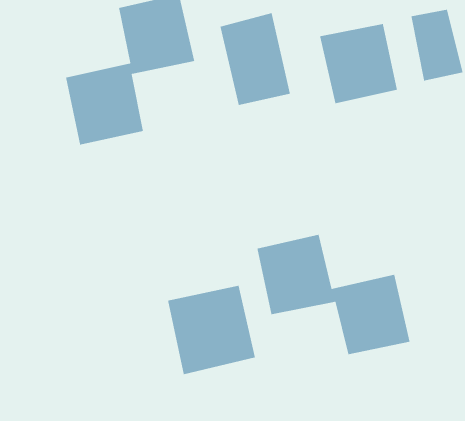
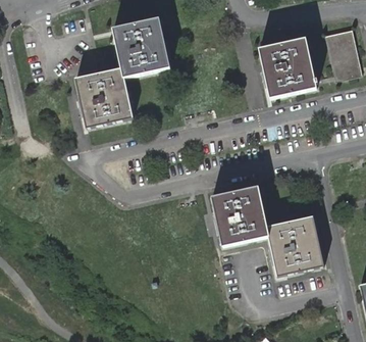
building: [219,12,291,106] -> none
building: [167,285,256,375] -> none

